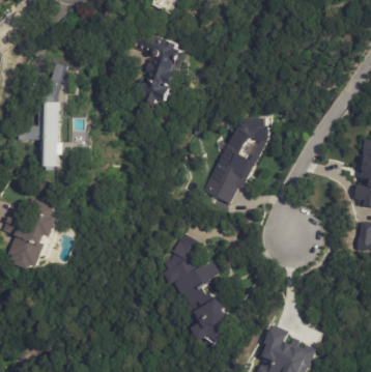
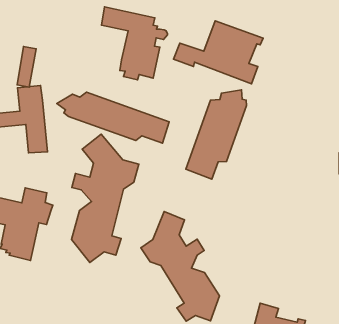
building: none -> [174,21,263,84]
building: none -> [57,92,169,143]
building: none -> [71,134,139,262]

